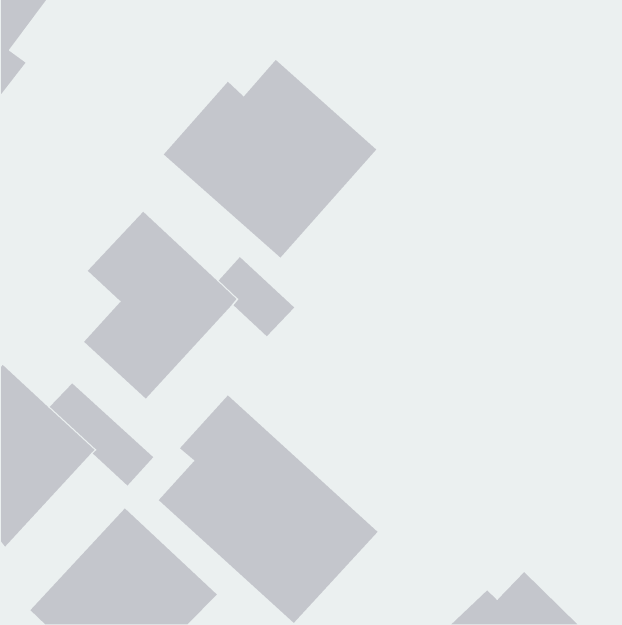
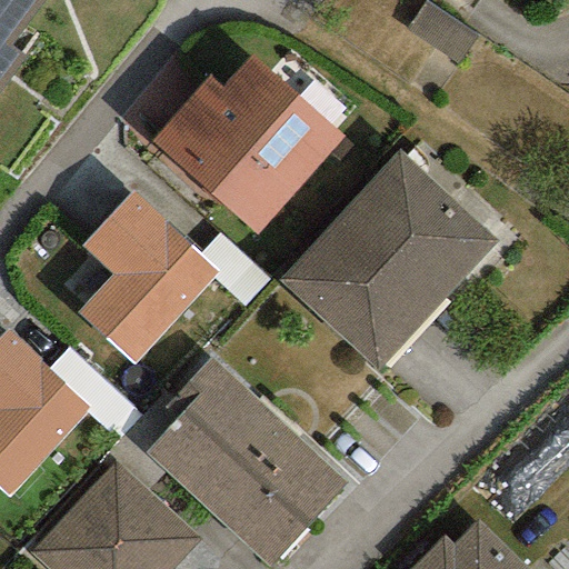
building: none -> [279,149,499,371]

